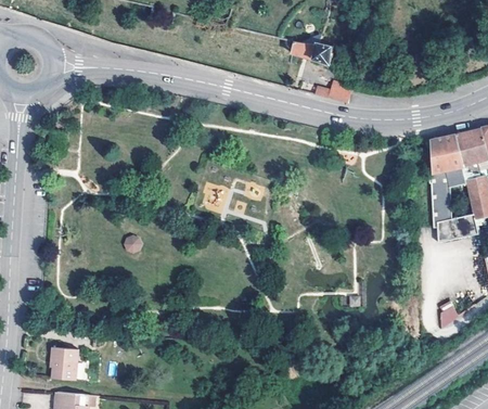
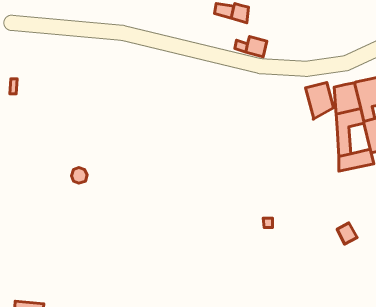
building: none -> [305,83,333,119]
building: [51,346,78,380] -> none

